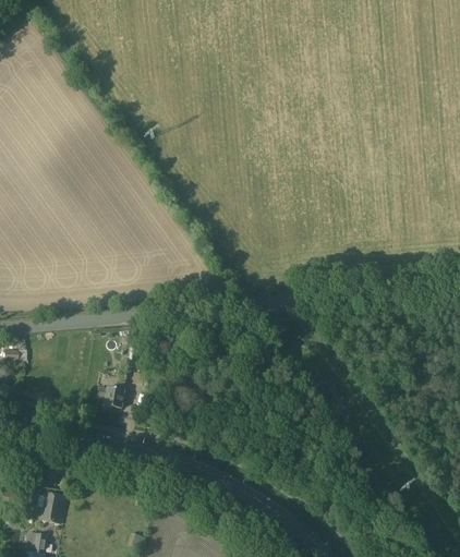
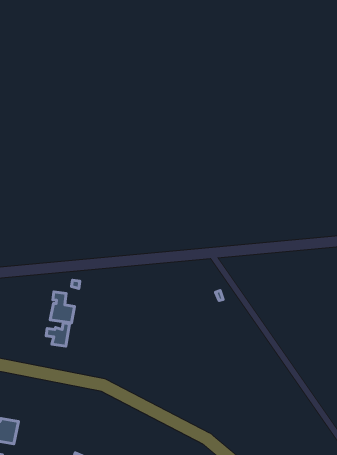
building: none -> [50,292,74,323]

